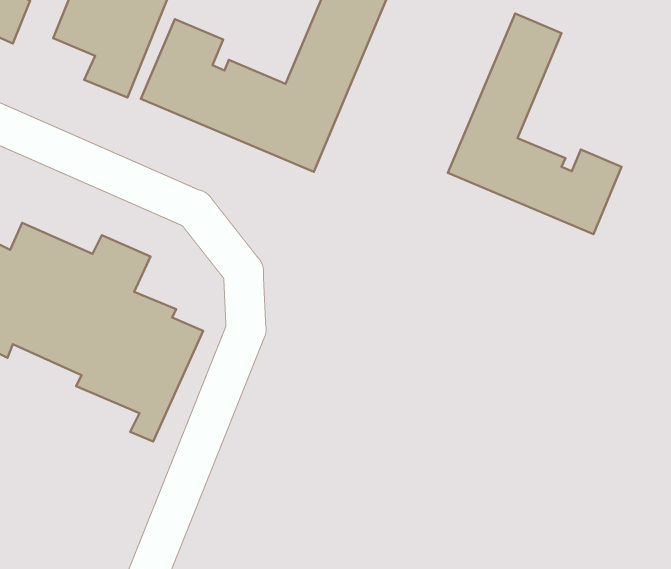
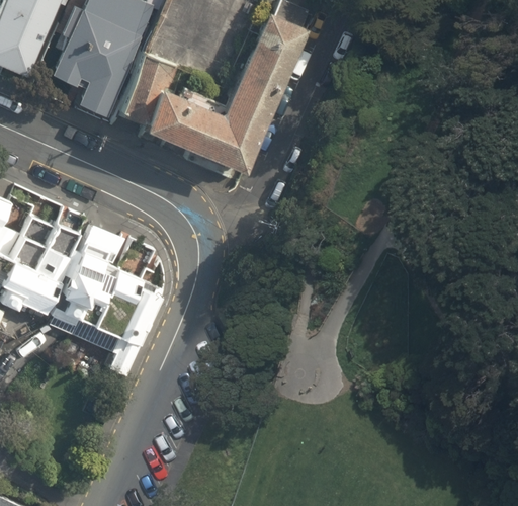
building: [448,13,622,234] -> none

